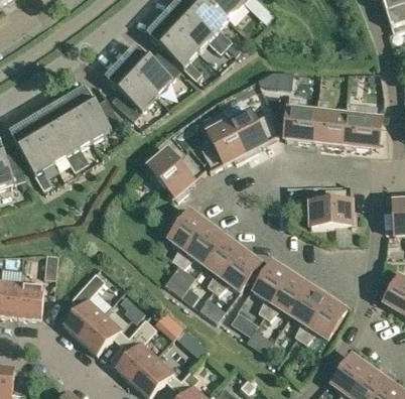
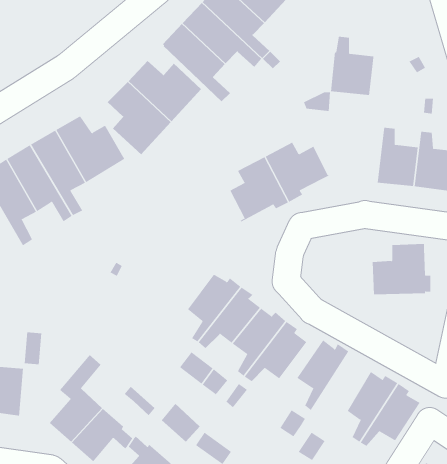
building: [283,96,318,141] -> [330,36,376,96]
building: [148,149,206,200] -> none
building: [263,270,308,319] -> none

